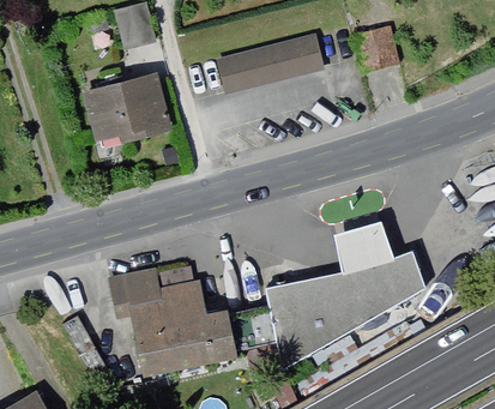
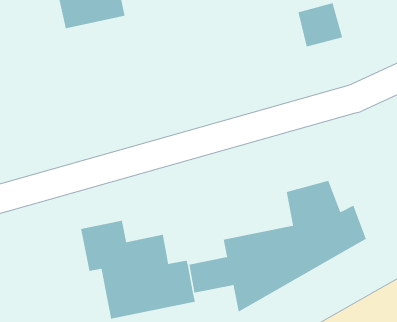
building: [217,34,324,92] -> none
building: [83,72,171,146] -> none

